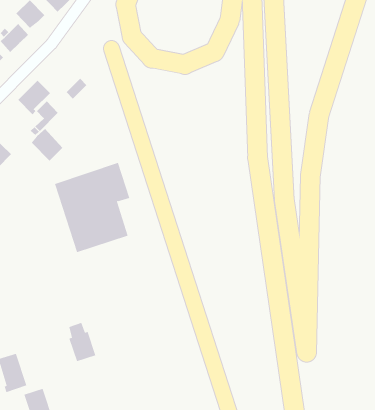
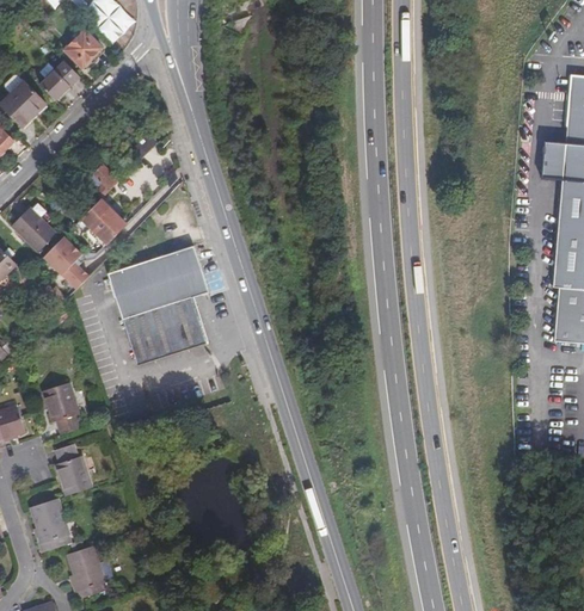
building: [17,80,51,115] -> none
building: none -> [44,237,87,288]
building: none -> [45,382,82,433]
building: [68,322,96,362] -> [57,443,94,495]

